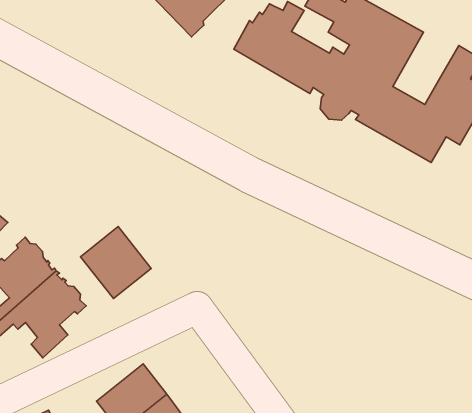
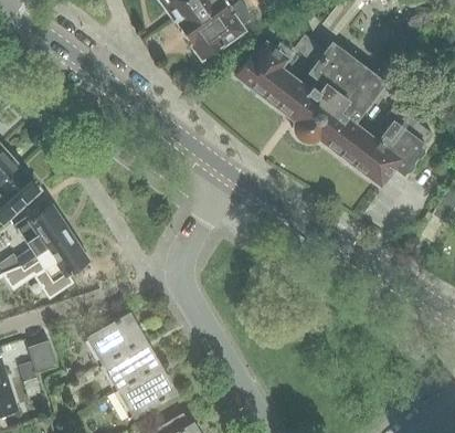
building: [81,227,151,298] -> none

